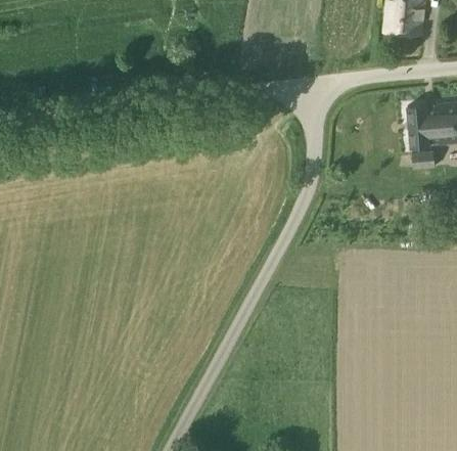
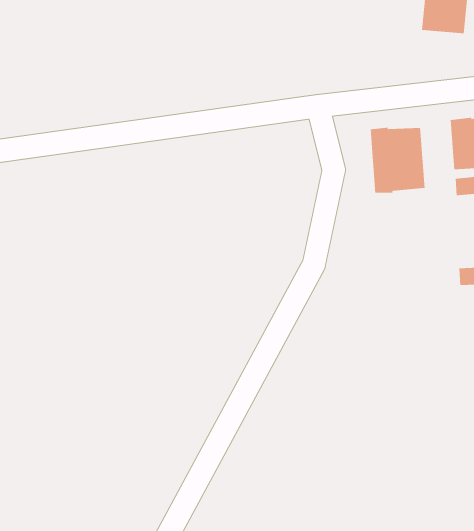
building: none -> [370,127,425,194]

